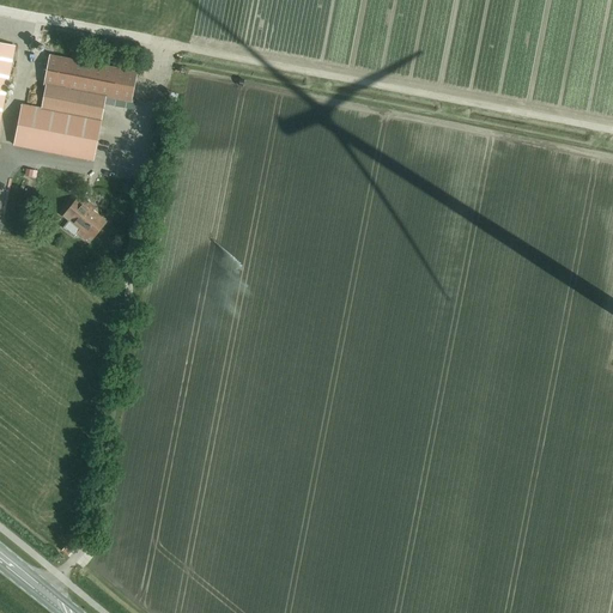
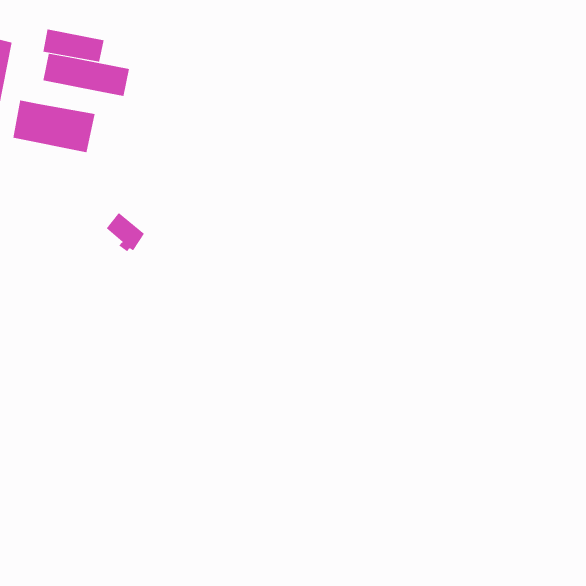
building: [40,84,104,119] -> [42,29,104,62]
building: [62,198,103,239] -> [106,212,145,252]

